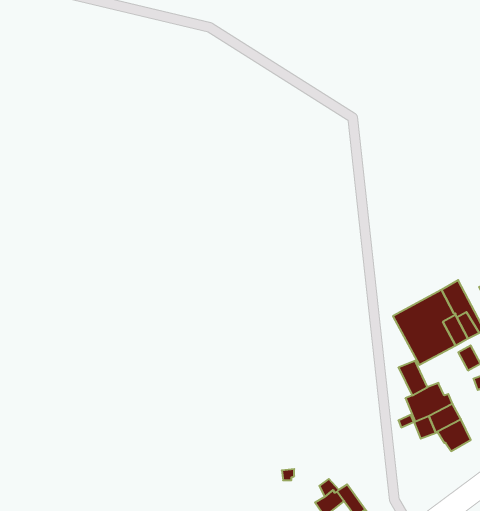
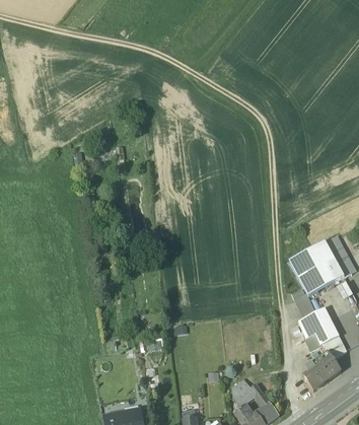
building: none -> [303,352,341,389]

